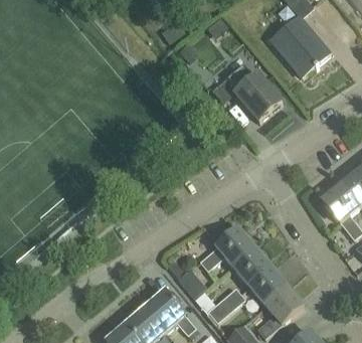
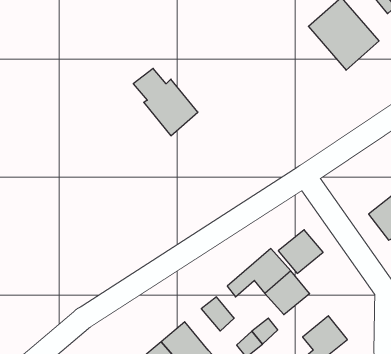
building: [226,62,282,120] -> [133,68,198,136]
building: [248,266,287,303] -> [278,230,323,273]

